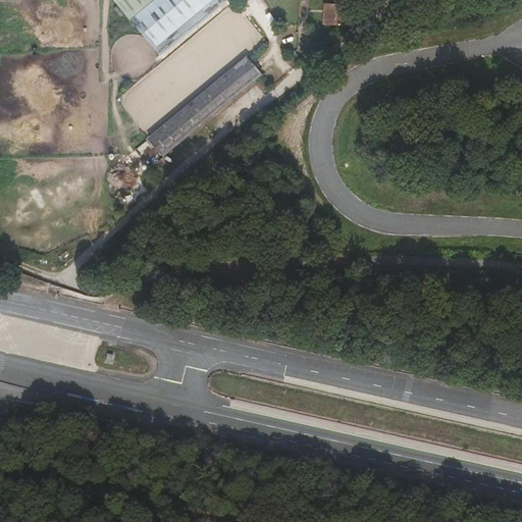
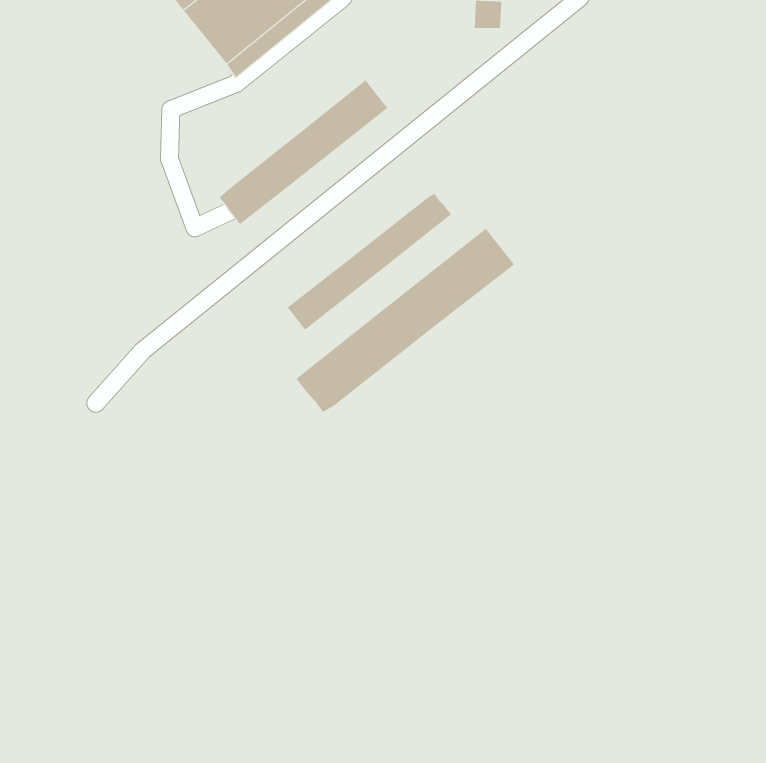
building: none -> [287,193,452,330]
building: none -> [295,228,515,413]

